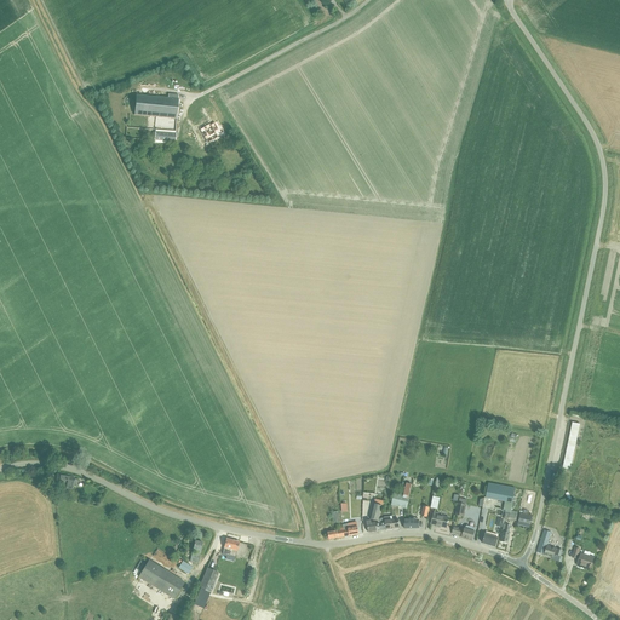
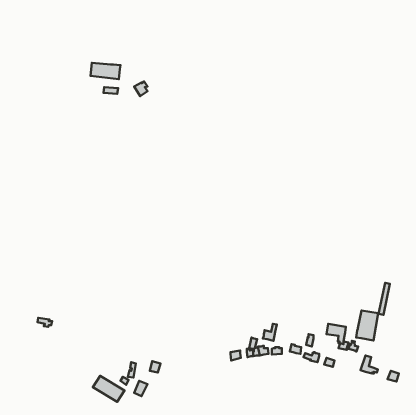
building: none -> [356,310,378,340]

